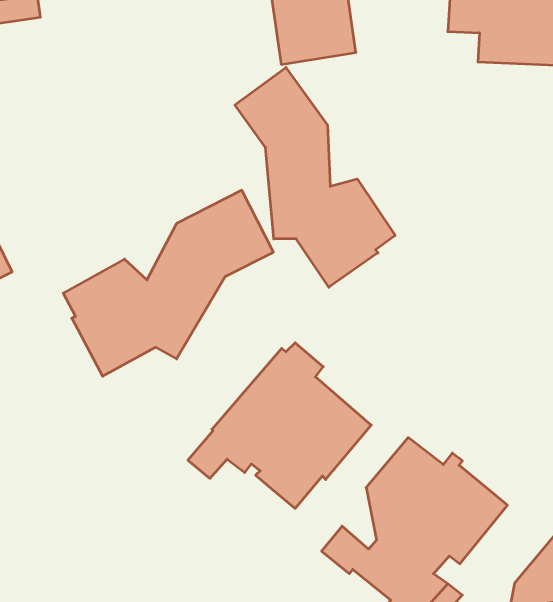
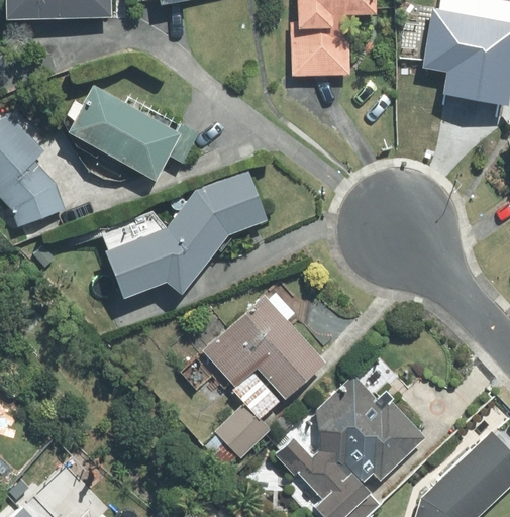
building: [235,67,395,287] -> none
building: none -> [70,86,198,177]
building: none -> [215,403,270,457]

